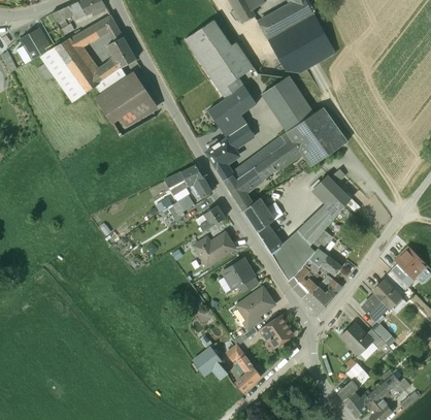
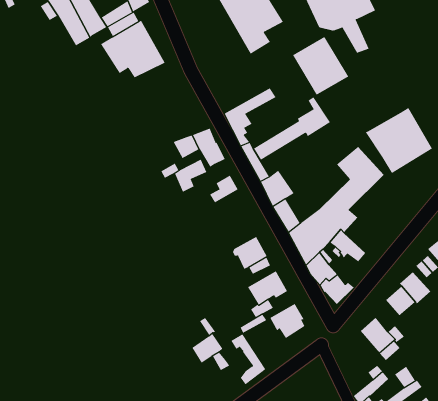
building: [210,86,260,139] -> none
building: [286,106,346,166] -> [365,107,433,174]
building: [194,232,234,264] -> none

